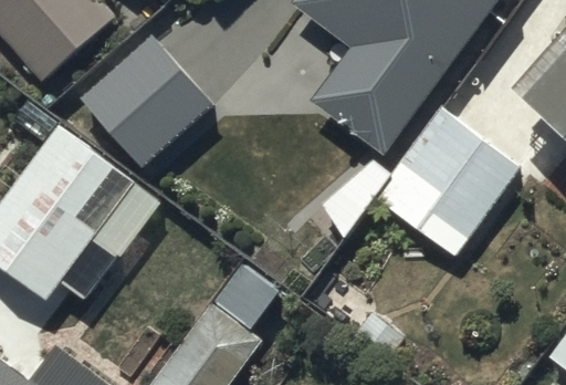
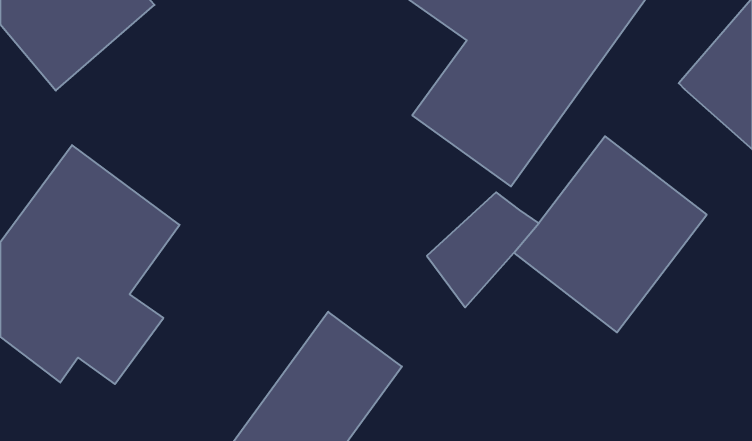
building: [78,31,217,170] -> none

